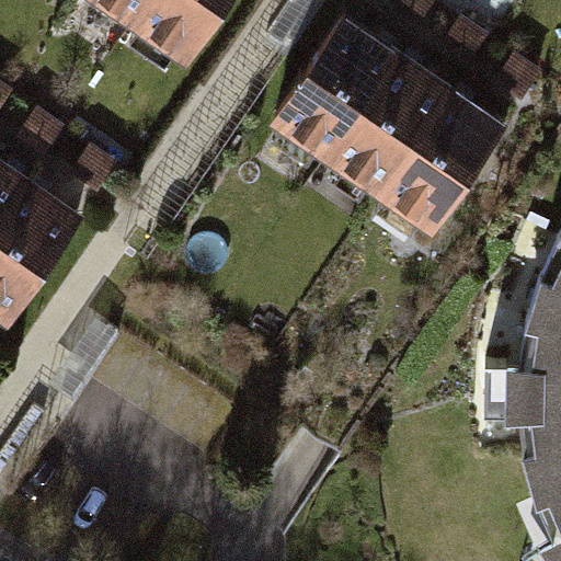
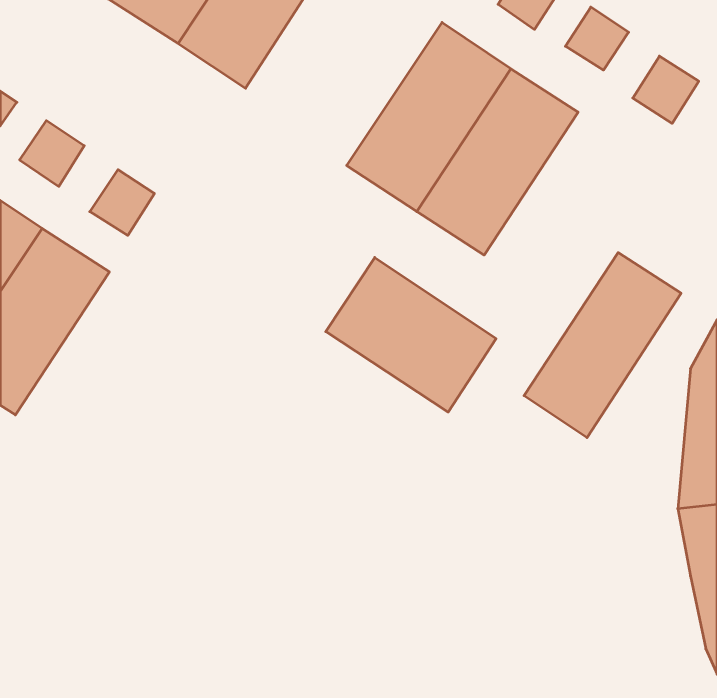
building: [378,88,501,232] -> [524,253,681,438]
building: none -> [326,257,496,412]

